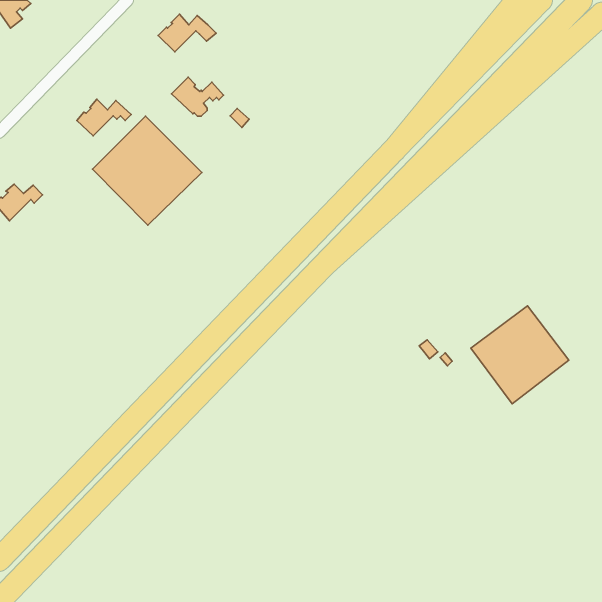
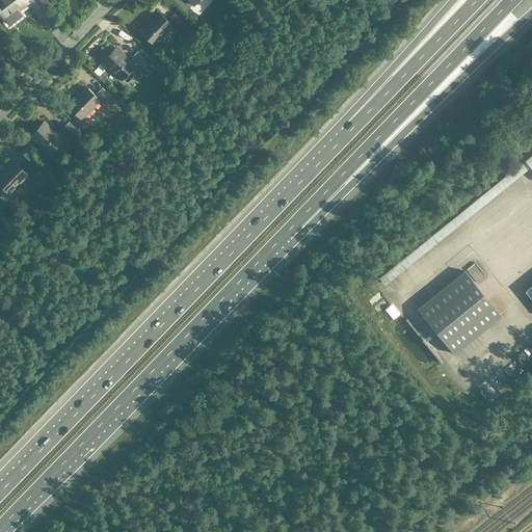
building: [172,77,224,116] -> [102,49,148,83]
building: [92,116,202,225] -> none
building: none -> [30,124,73,156]

